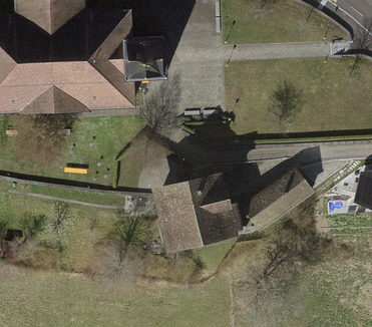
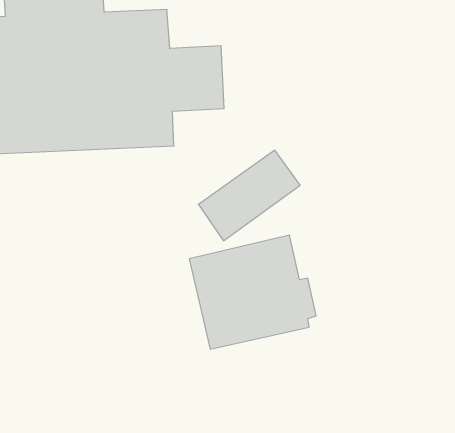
building: [240,166,313,231] -> [198,150,300,241]

